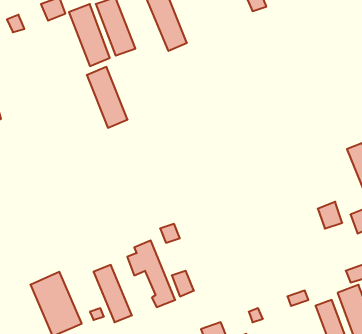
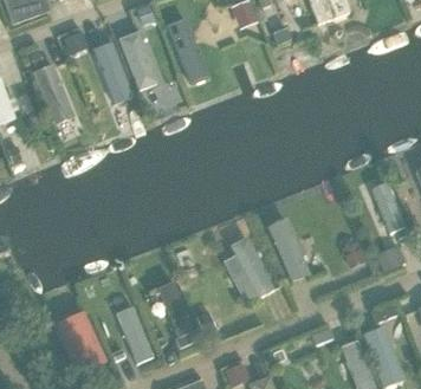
building: [87,67,128,128] -> [33,66,75,128]
building: none -> [266,216,310,279]
building: none -> [221,234,274,297]

